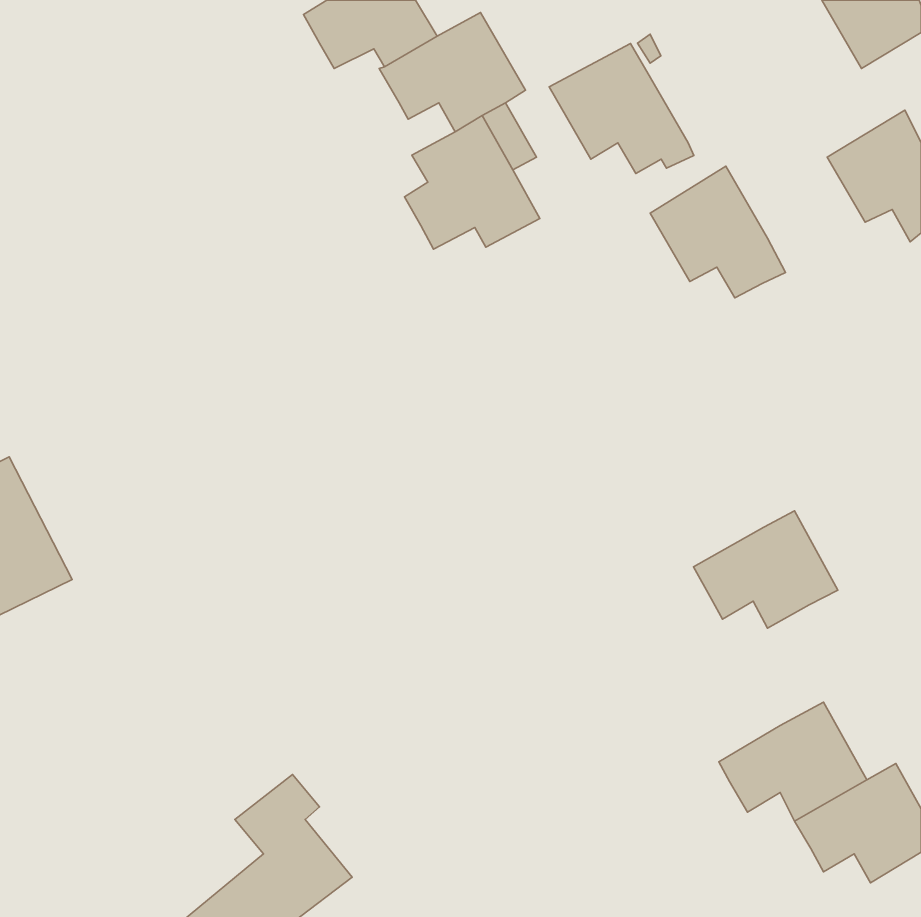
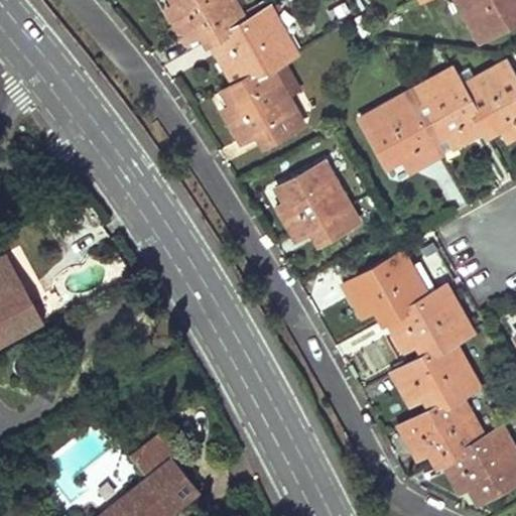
building: [549,44,694,173] -> [405,72,486,144]
building: none -> [280,164,356,241]
building: none -> [346,253,426,319]
building: none -> [393,341,477,408]

